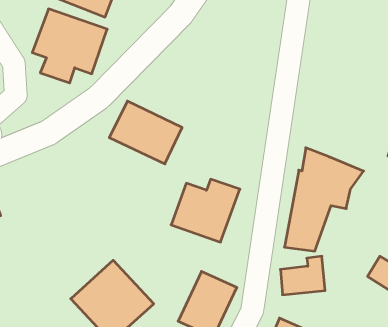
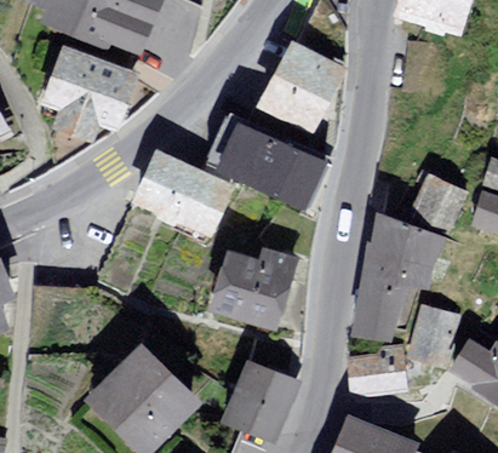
building: none -> [264,46,345,132]
building: none -> [225,126,327,203]
building: none -> [405,173,466,241]
building: none -> [406,303,454,363]

